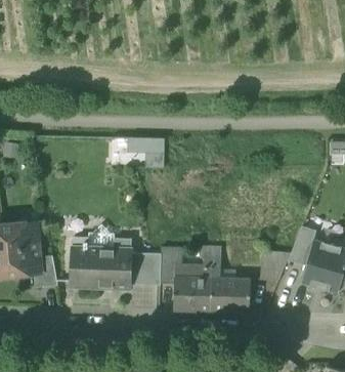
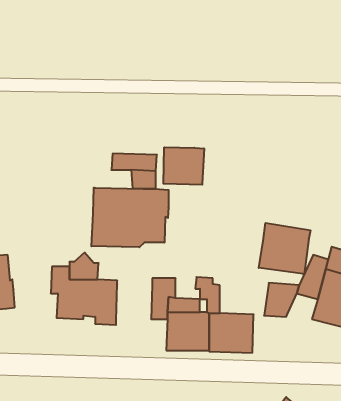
building: none -> [163,147,204,185]
building: none -> [91,188,169,247]
building: none -> [259,223,310,274]
building: [129,253,161,286] -> none
building: [33,257,57,289] -> none

